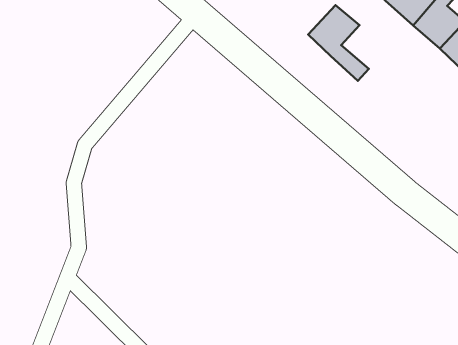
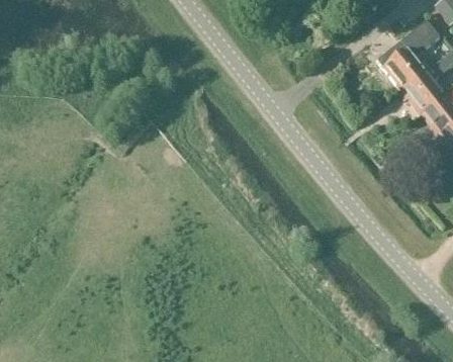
building: [308,5,369,81] -> none

